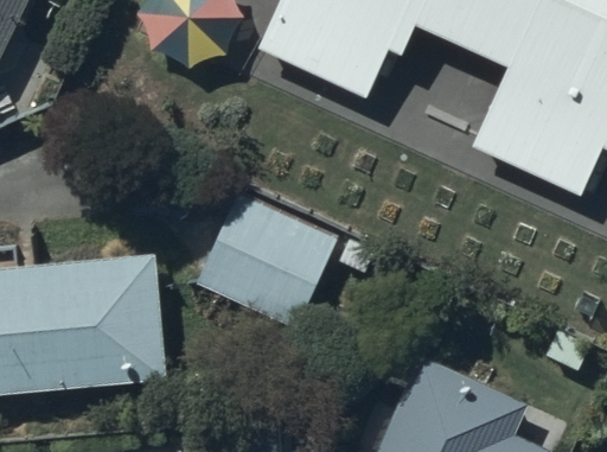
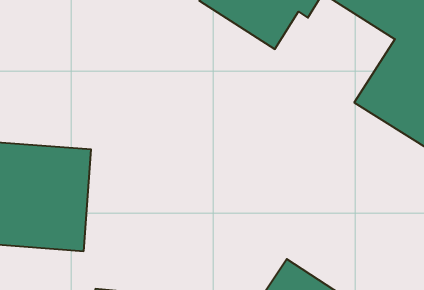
building: [194,196,338,333] -> none

